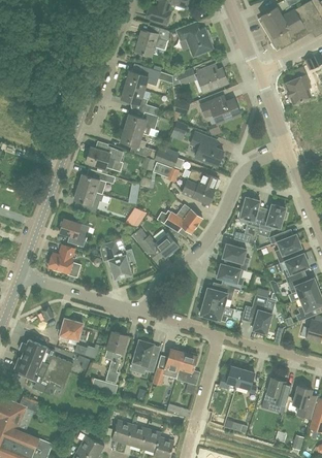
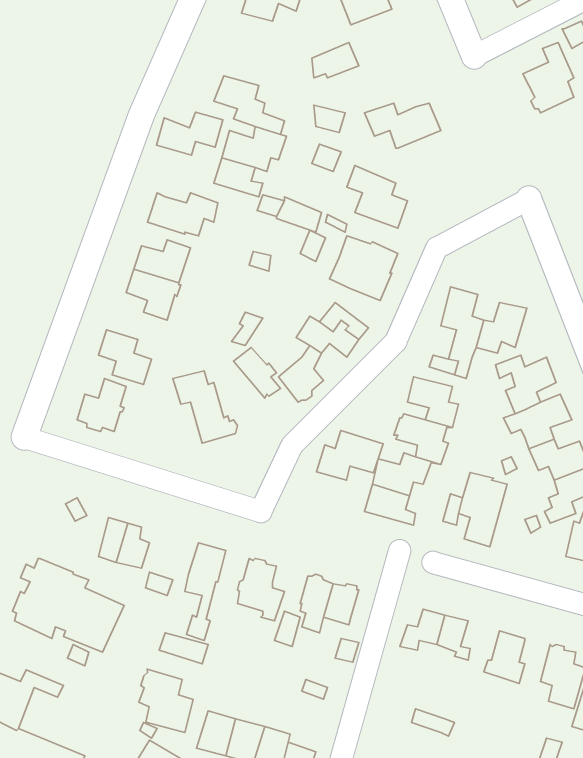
building: [125,67,160,90] -> [156,112,223,155]
building: [195,68,226,92] -> none
building: none -> [316,431,383,480]
building: none -> [139,669,193,733]

